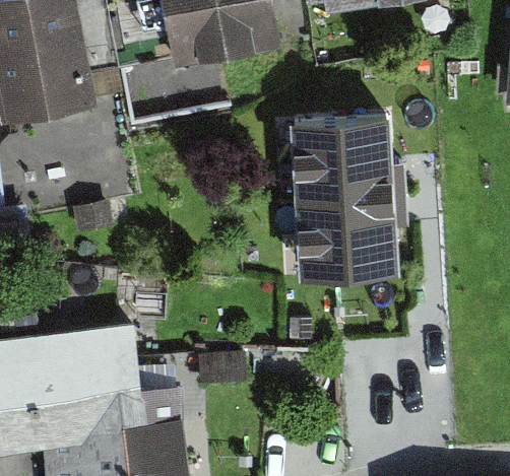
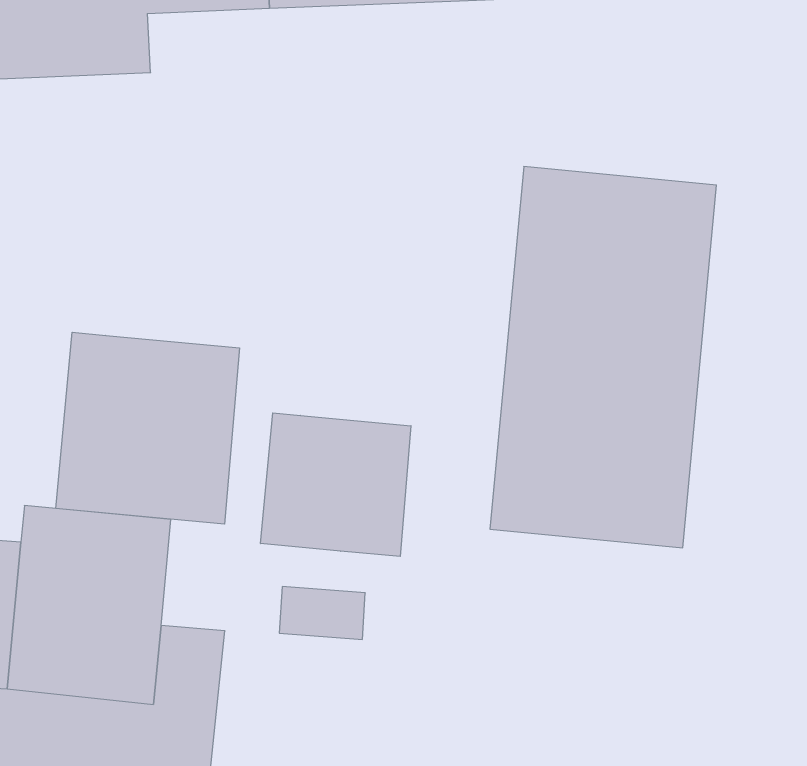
building: none -> [56,332,239,524]
building: none -> [261,413,411,556]

